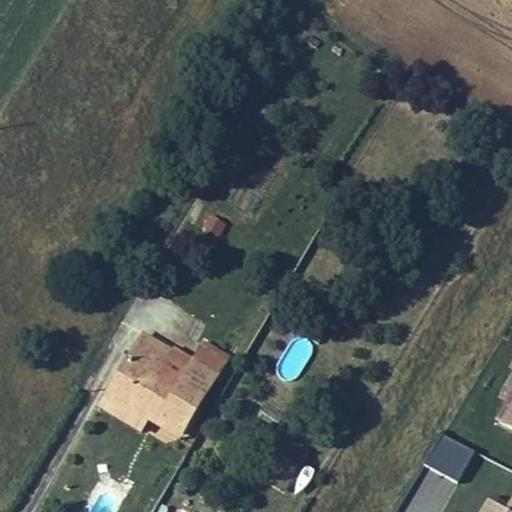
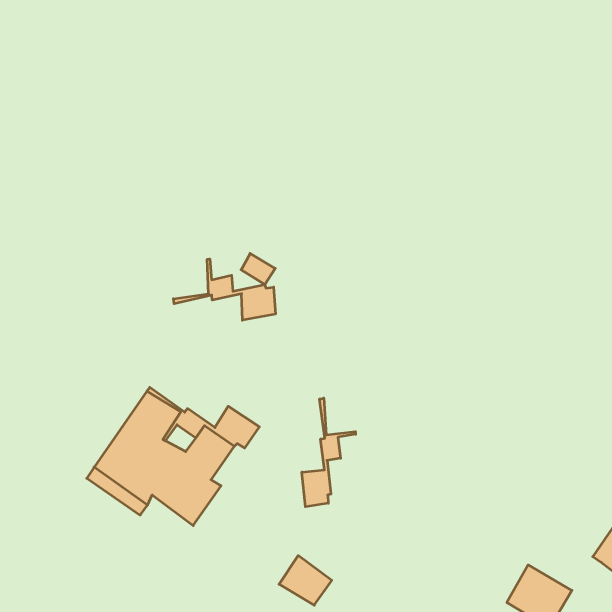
building: none -> [173,259,275,320]
building: none -> [302,398,356,507]

